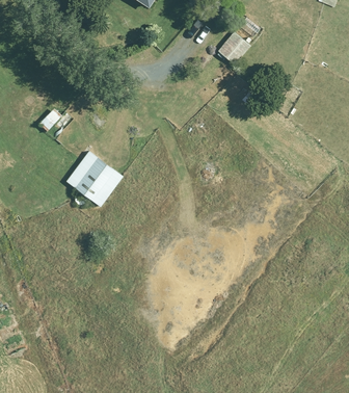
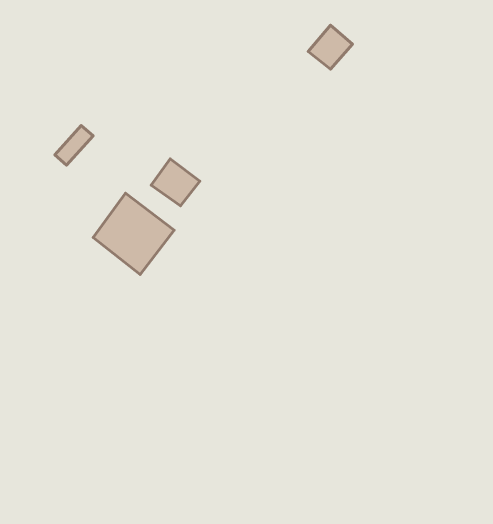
building: none -> [151,159,200,206]

